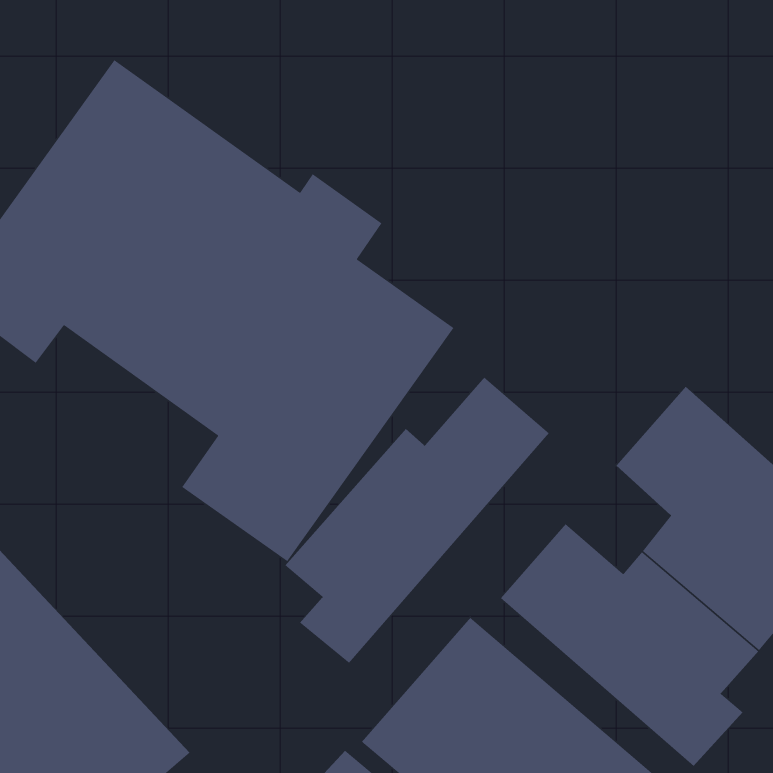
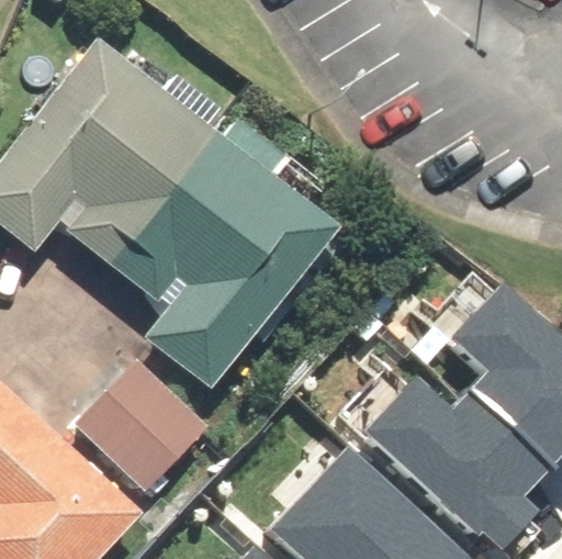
building: [285,377,550,664] -> none
building: none -> [75,364,211,501]

